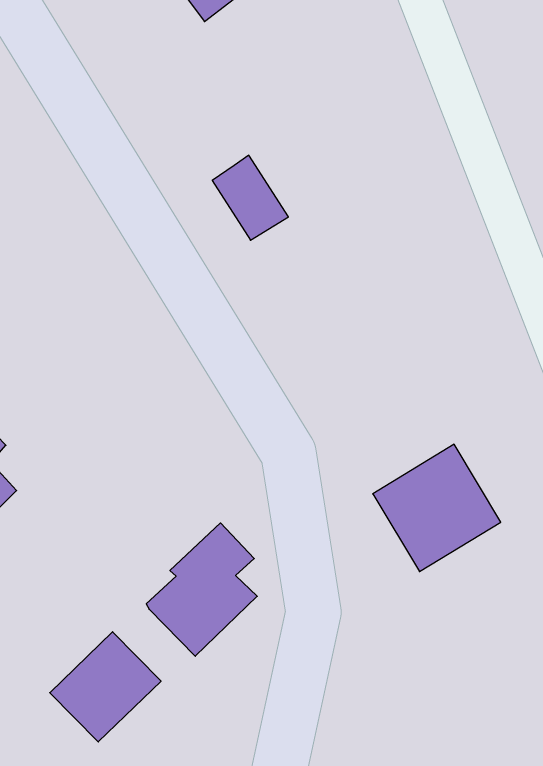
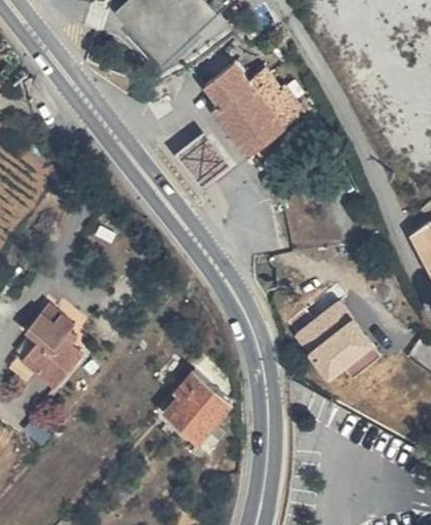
building: none -> [213,62,311,155]
building: [50,632,161,742] -> none

